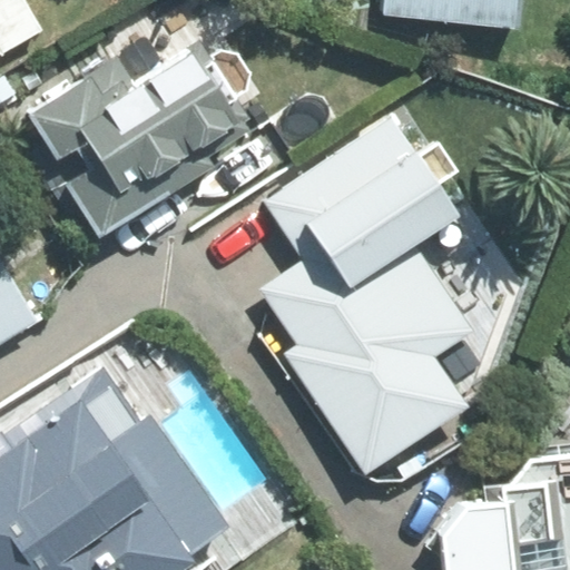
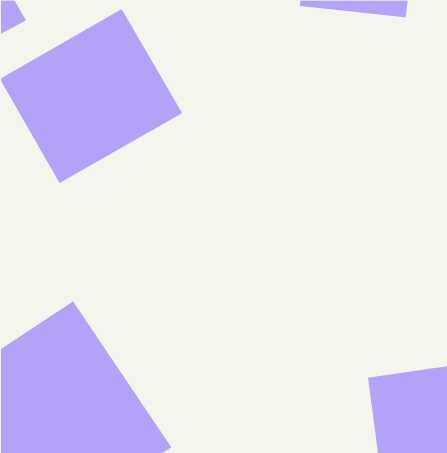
building: [284,115,446,266] -> none
building: [284,267,483,469] -> none

